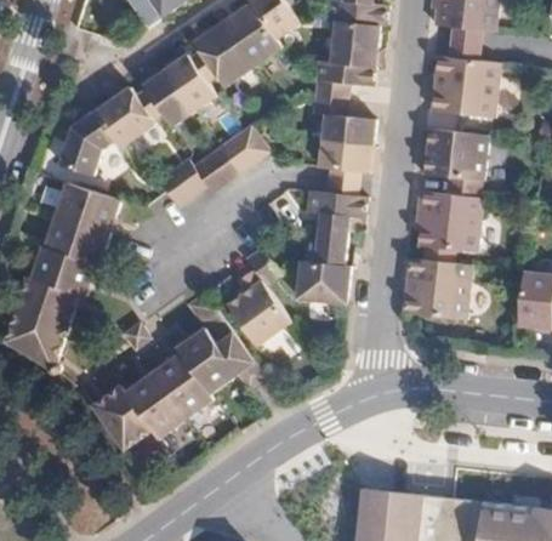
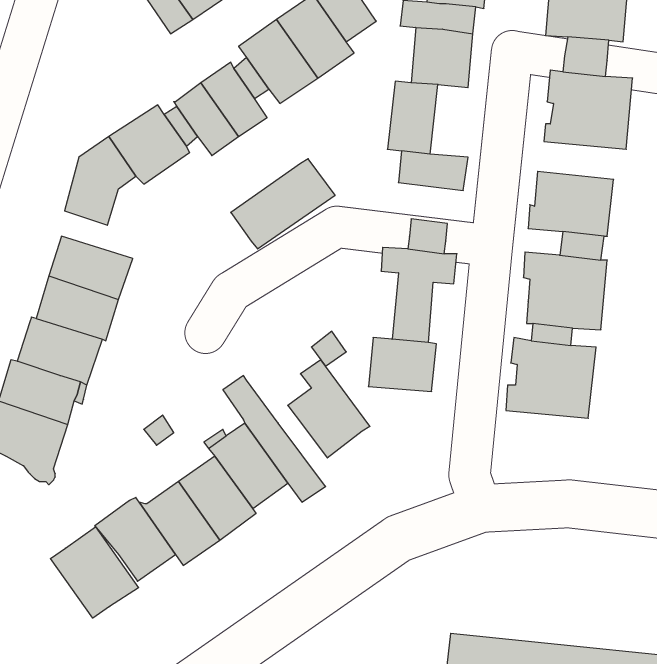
building: [319,142,371,175] -> none
building: [159,159,209,209] -> none
building: none -> [50,527,139,618]

